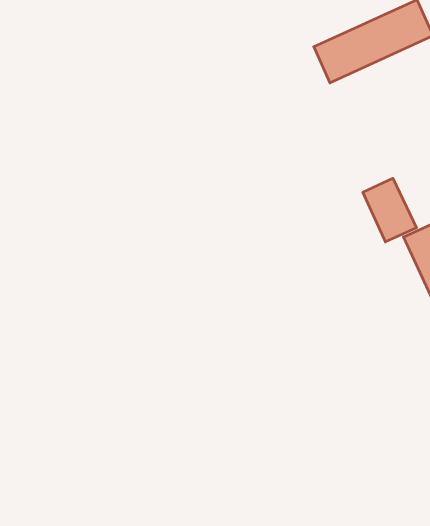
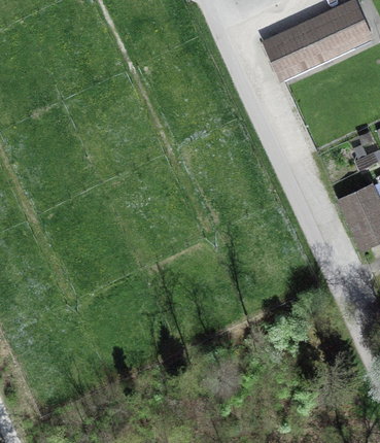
building: [363,178,416,242] -> none

